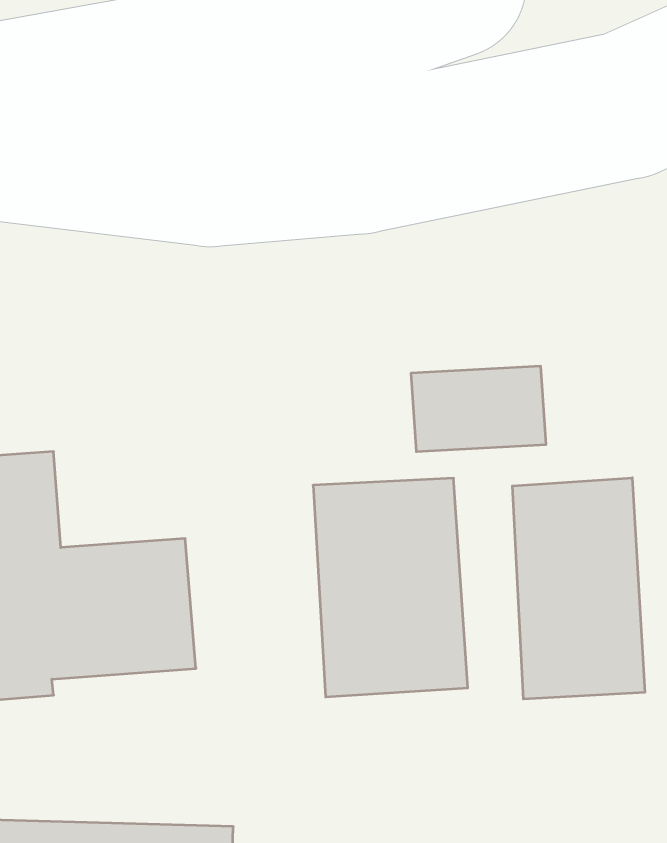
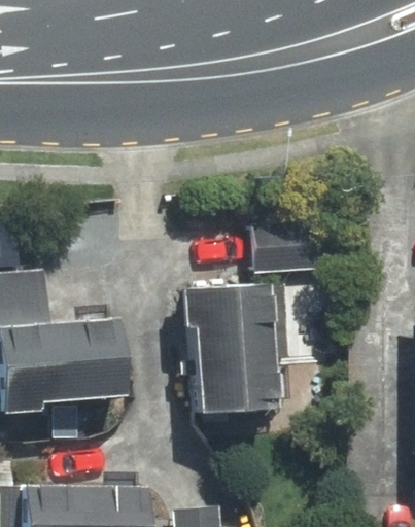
building: [512,478,645,699] -> none

